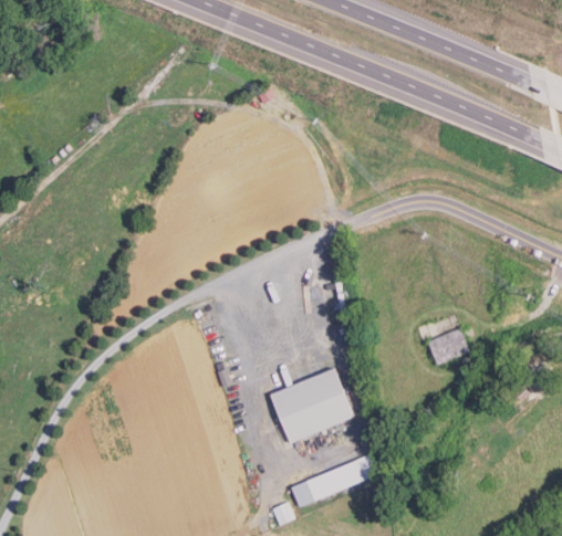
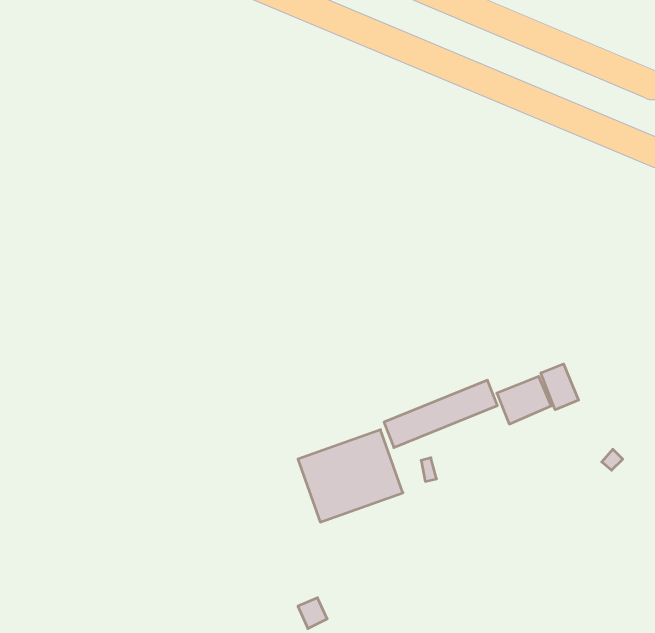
building: none -> [541,364,579,410]
building: [290,454,379,507] -> [384,380,497,448]

